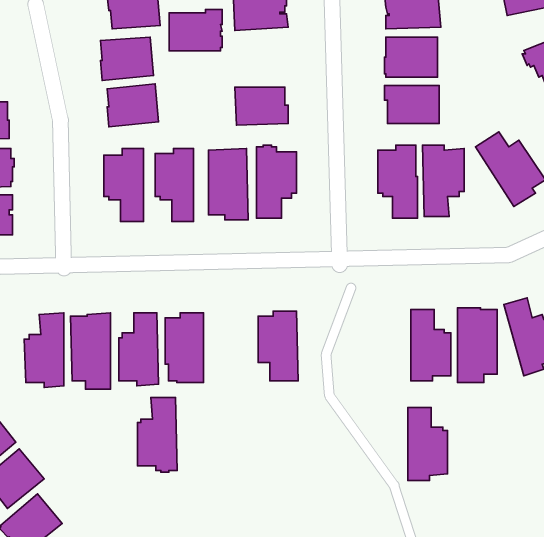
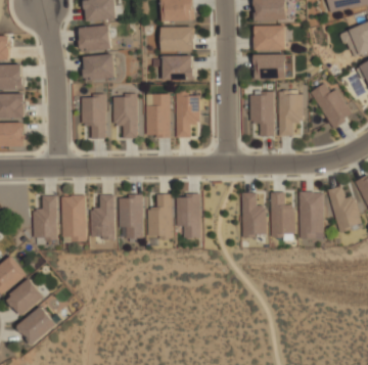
building: [169,9,222,51] -> [160,26,193,51]
building: [137,398,177,472] -> [147,194,172,240]
building: [408,407,448,480] -> [241,193,266,238]

